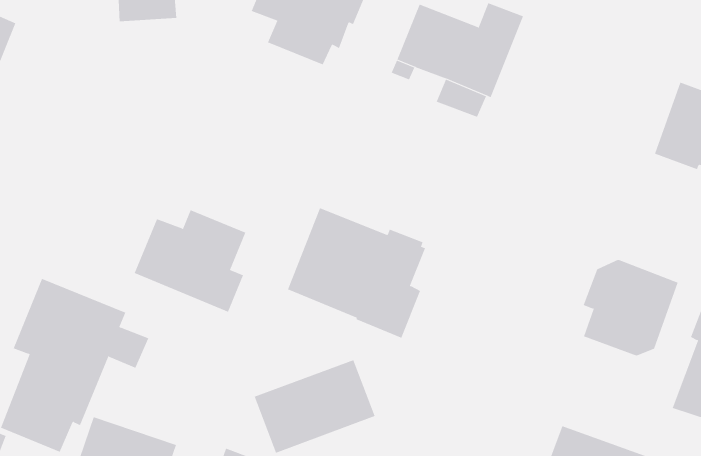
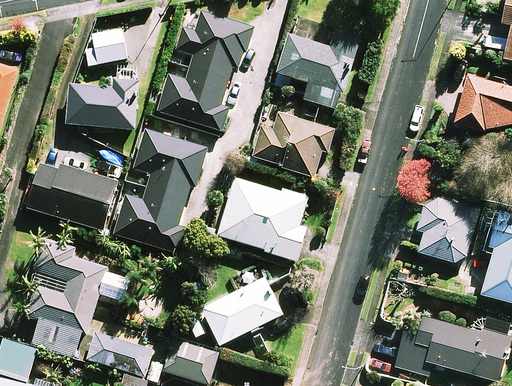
building: none -> [66,69,137,130]
building: none -> [155,70,229,132]
building: none -> [251,113,334,178]
building: none -> [132,128,207,199]
building: none -> [27,165,116,231]

